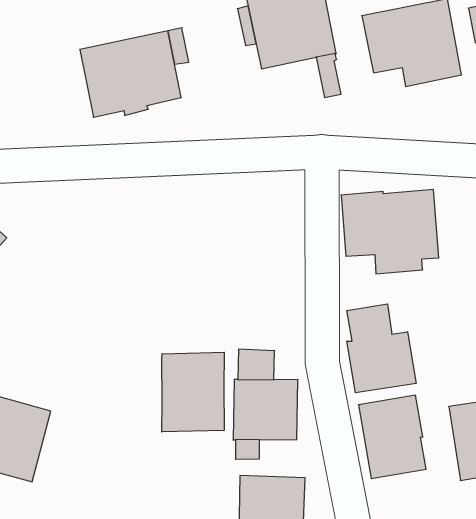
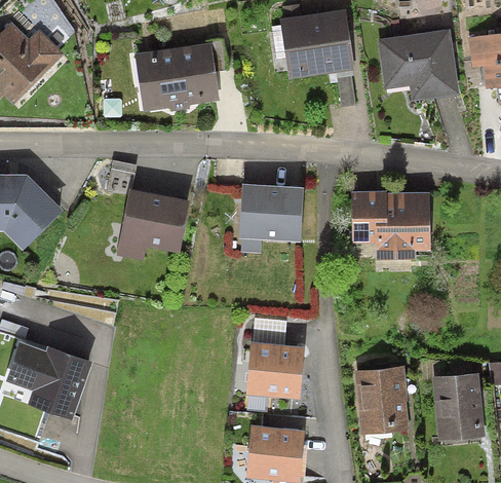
building: none -> [238,183,304,253]
building: none -> [116,189,190,261]
building: [347,304,416,393] -> none
building: [162,352,224,432] -> none

